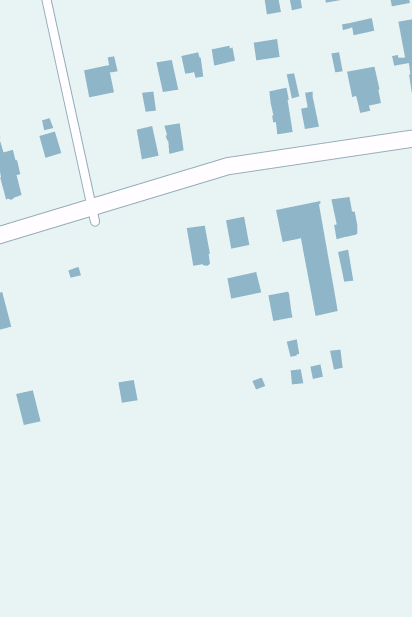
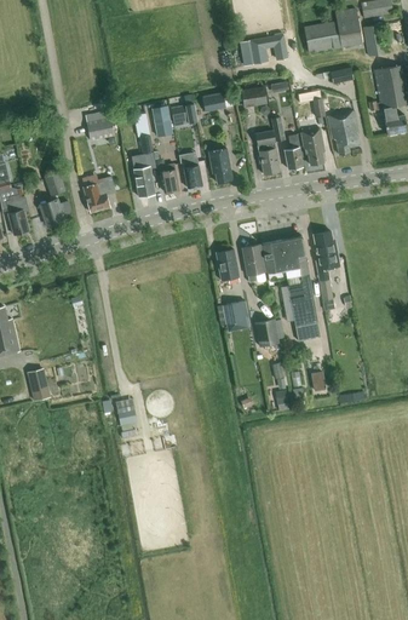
building: none -> [300,130,324,165]
building: none -> [208,149,232,183]
building: none -> [178,153,202,188]
building: none -> [84,176,115,213]
building: none -> [40,199,70,226]
building: [186,225,211,266] -> [242,245,265,282]
building: [15,390,41,426] -> [27,368,51,401]

